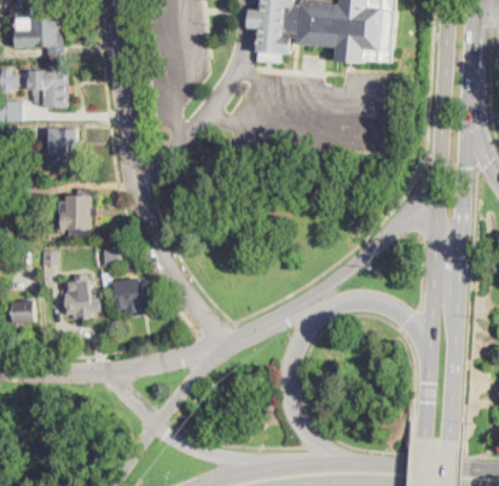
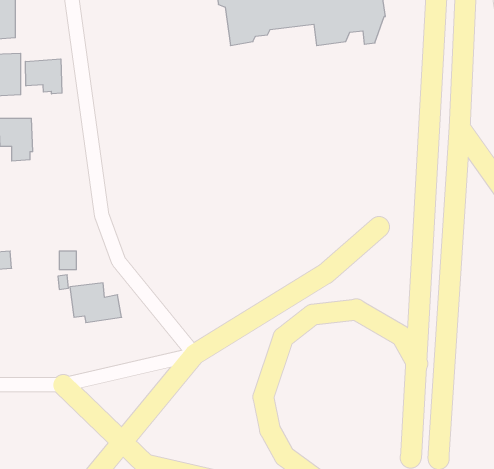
building: none -> [25,59,62,94]
building: [58,194,88,238] -> none
building: [63,280,100,320] -> none

